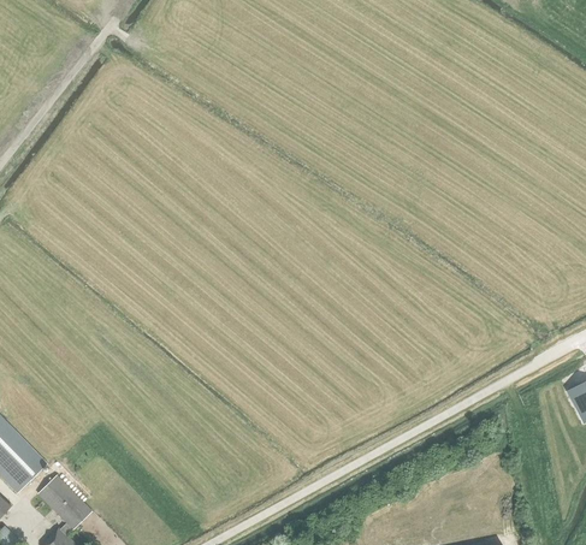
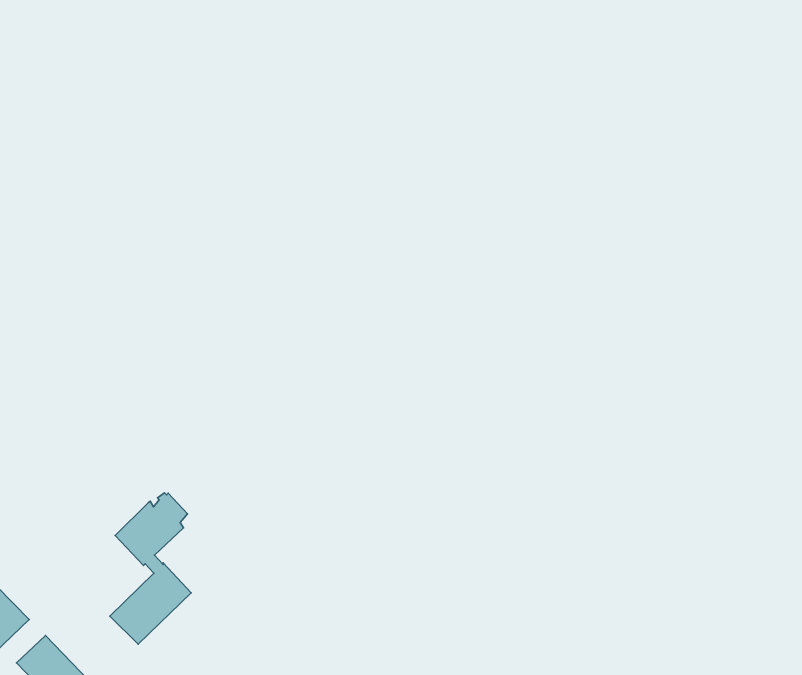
building: none -> [110,493,191,644]

